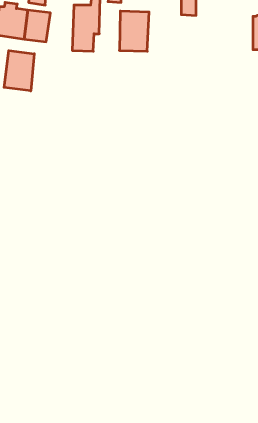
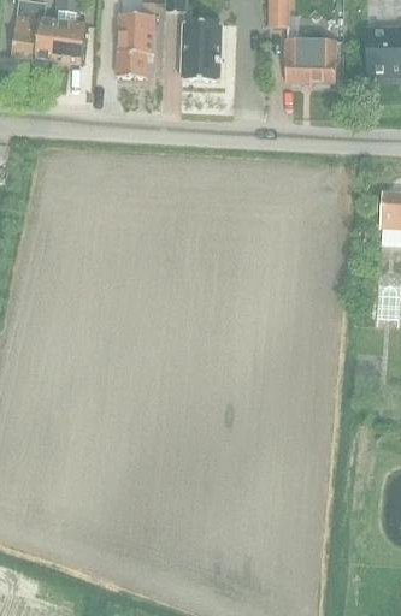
building: none -> [284,40,335,82]
building: [4,51,34,91] -> none

